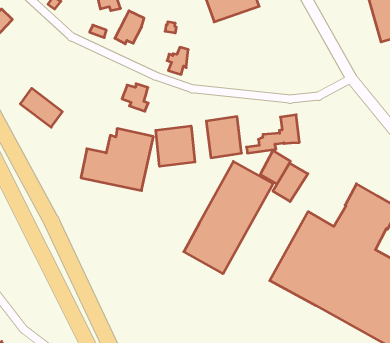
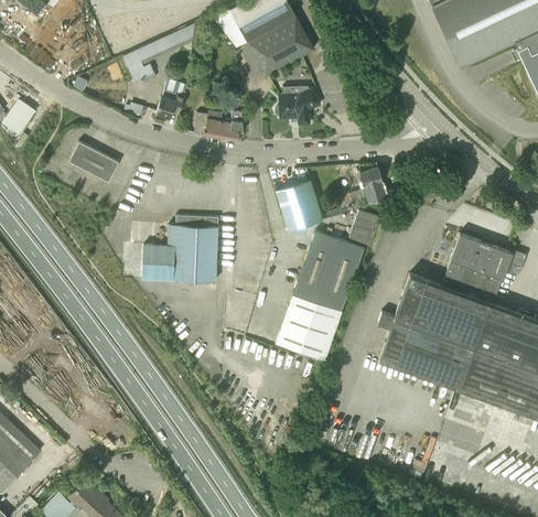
building: none -> [275,87,320,125]
building: [122,84,148,111] -> [194,109,225,139]
building: [20,88,62,127] -> [68,141,118,182]
building: [156,126,195,166] -> none
building: [273,163,308,202] -> none

